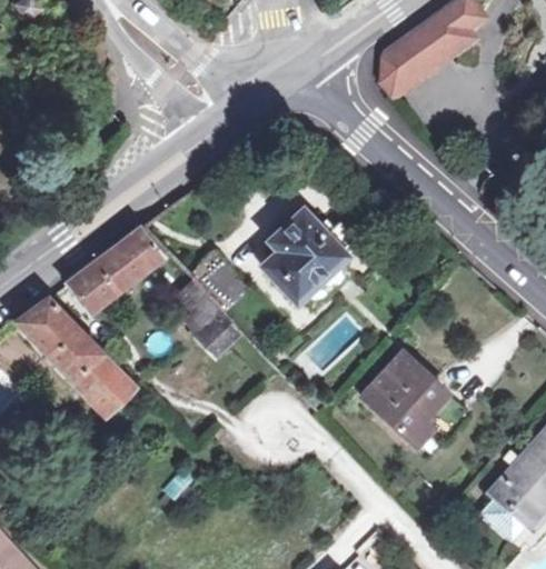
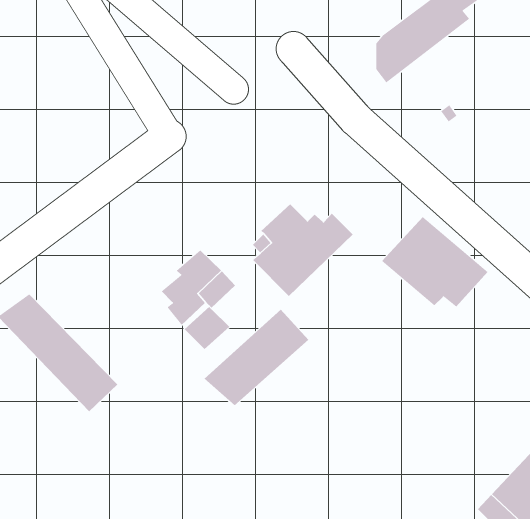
building: [67,233,160,313] -> none
building: none -> [204,309,309,406]
building: [367,355,470,442] -> [381,216,489,307]

